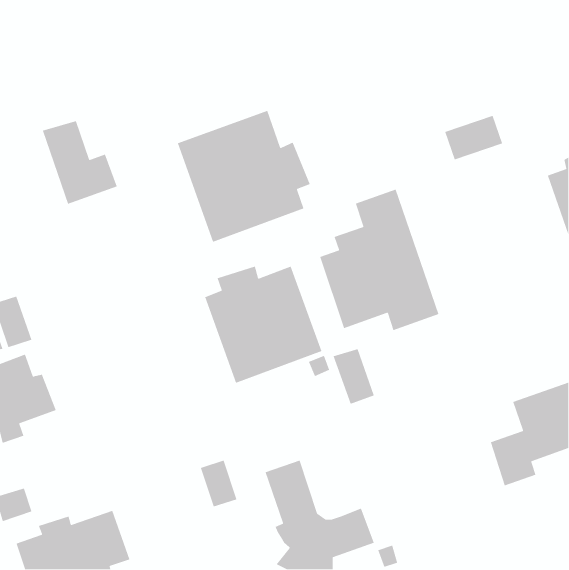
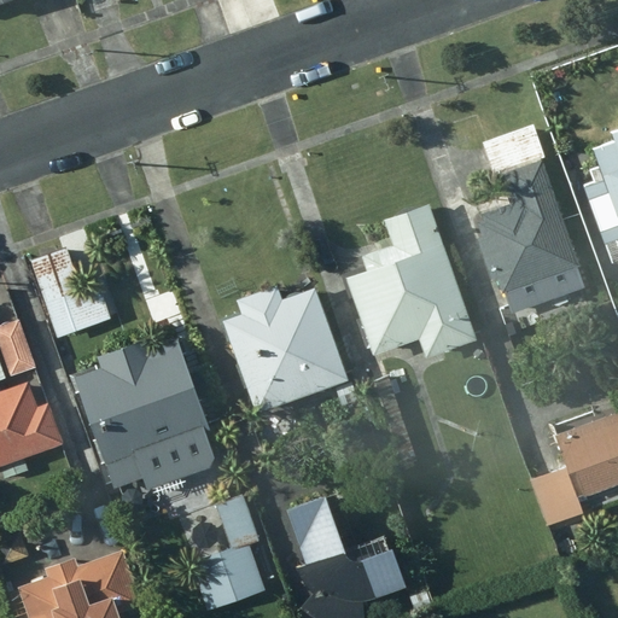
building: [177,110,311,243] -> none
building: [42,120,118,205] -> [28,247,110,339]
building: none -> [477,161,581,295]
building: none -> [74,339,214,490]
building: none -> [190,546,266,612]

